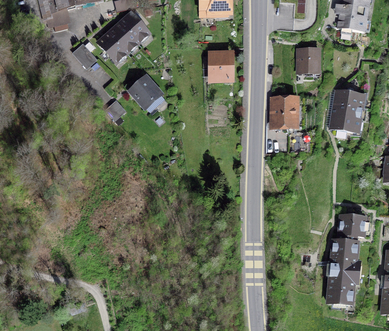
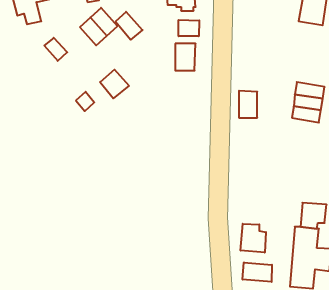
building: none -> [179,20,199,36]
building: [99,33,127,62] -> [116,12,143,40]
building: [299,50,318,72] -> none
building: none -> [241,224,266,253]
building: none -> [243,262,272,282]

